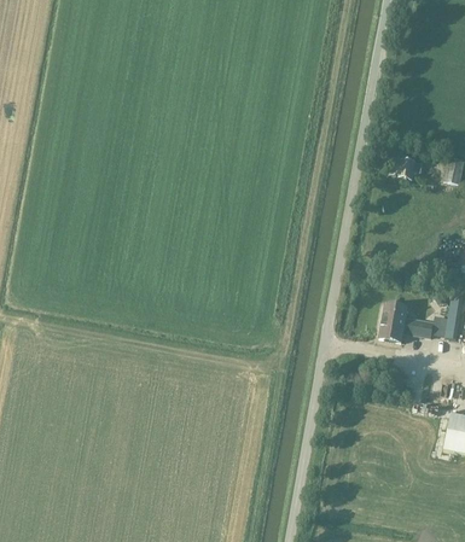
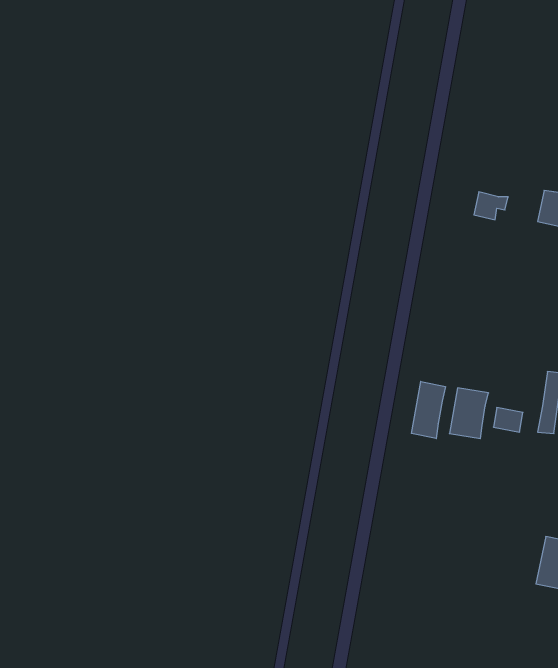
building: none -> [411,381,445,439]

